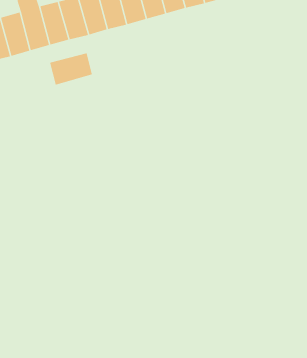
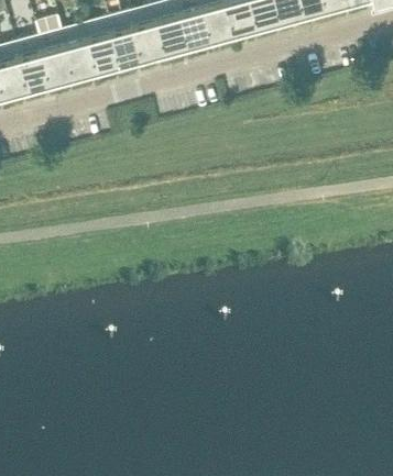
building: [49,52,92,85] -> none

